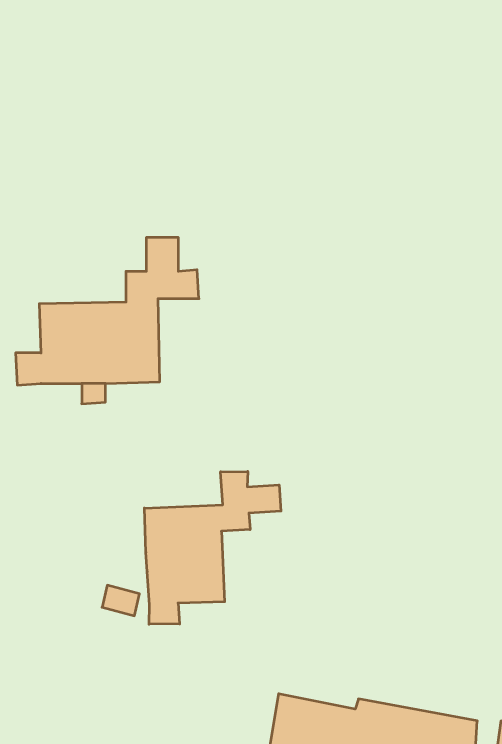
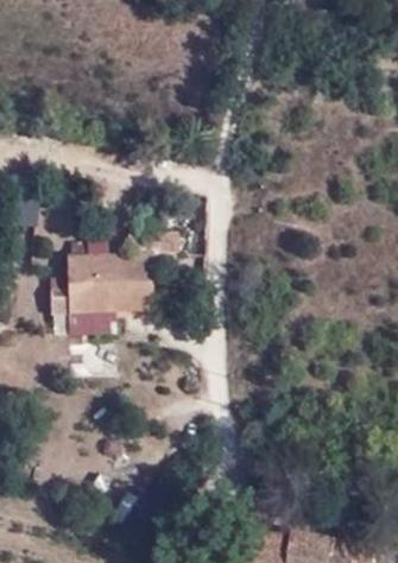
building: [144,471,281,624] -> none

